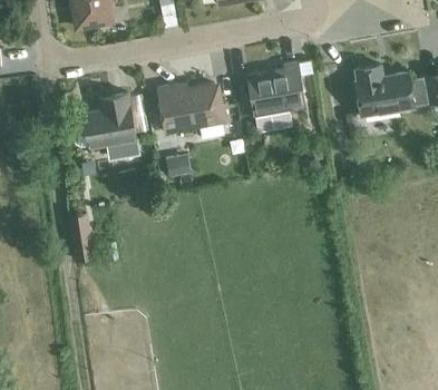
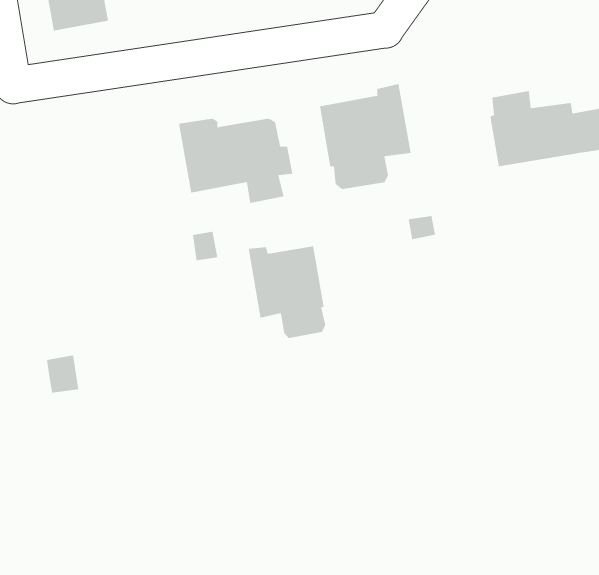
building: [72,92,138,158] -> none
building: none -> [248,246,326,339]

